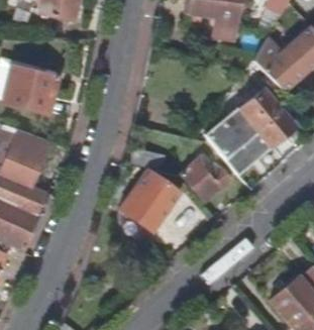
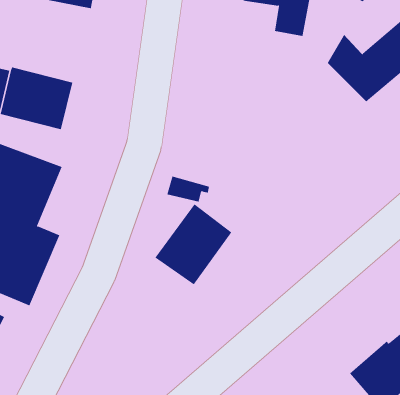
building: [206,92,294,176] -> none
building: [180,154,231,204] -> none

